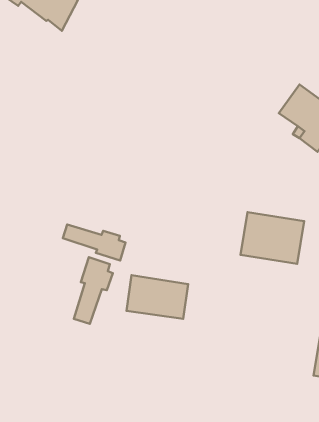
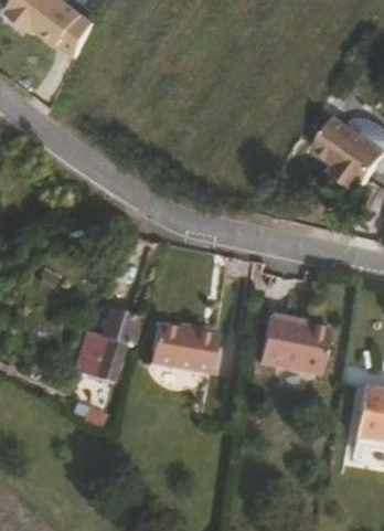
building: [240,212,304,264] -> [258,316,329,373]
building: [63,225,126,261] -> none

